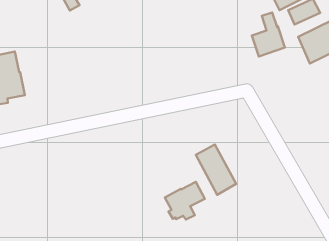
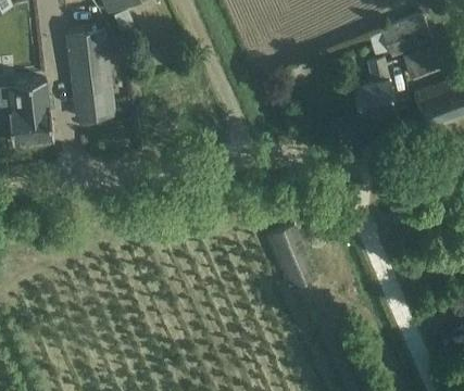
building: none -> [67,28,114,117]
building: [165,182,205,219] -> none

